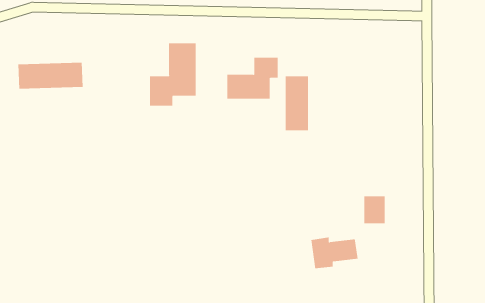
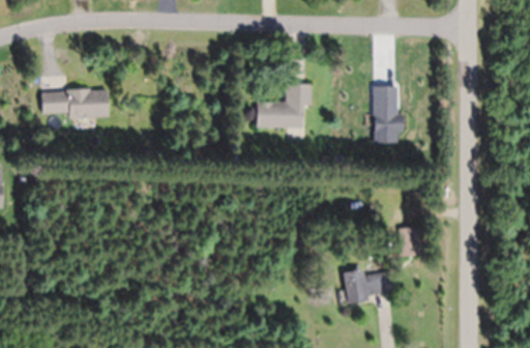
building: [150,42,196,106] -> none
building: [285,76,309,131] -> [374,86,399,143]

